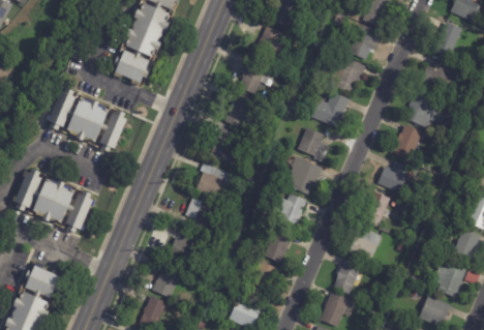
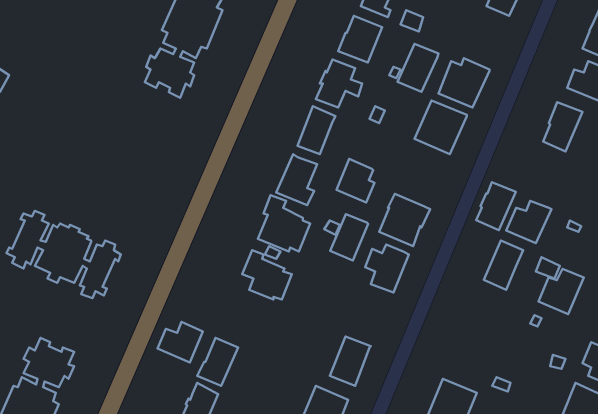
building: [349,24,379,59] -> [398,44,438,92]
building: [46,87,129,152] -> none
building: [393,124,422,159] -> [476,182,516,230]
building: [297,126,325,158] -> [336,159,375,203]
building: [264,229,292,263] -> [330,214,368,261]
building: [349,229,382,262] -> [539,269,584,314]
building: [169,232,202,262] -> [158,322,203,363]
building: [333,259,360,294] -> none

